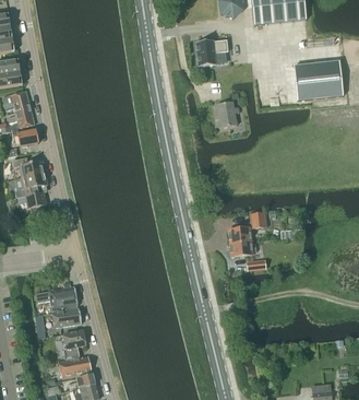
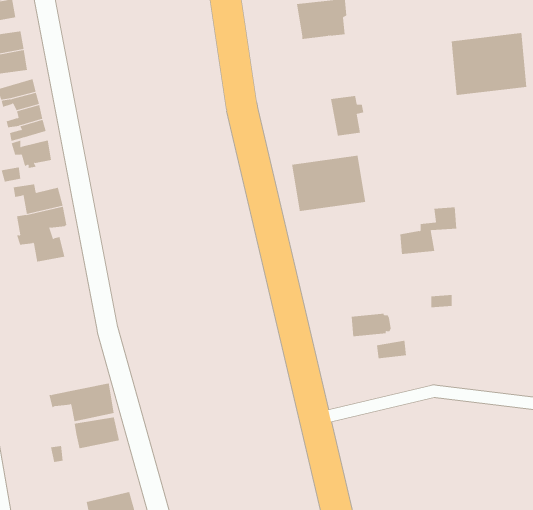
building: none -> [291,155,366,212]
building: [228,212,265,243] -> [399,207,457,254]
building: [63,330,85,360] -> none

